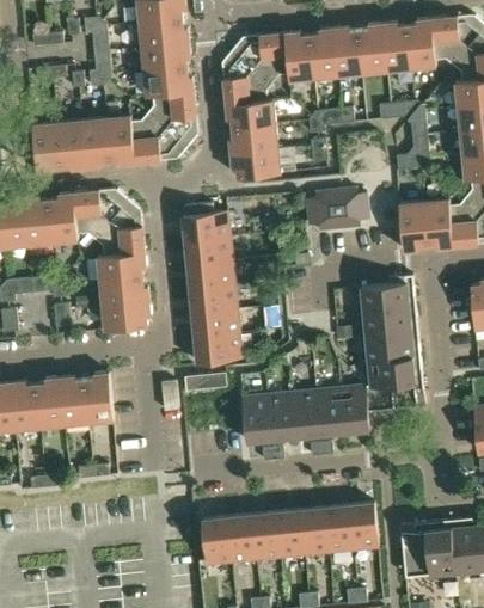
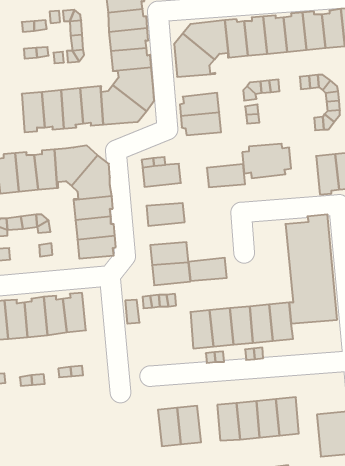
building: [225,100,275,129] -> none
building: [184,237,232,265] -> [207,164,245,187]
building: [189,285,237,314] -> [188,258,227,281]
building: [250,514,278,560] -> none

